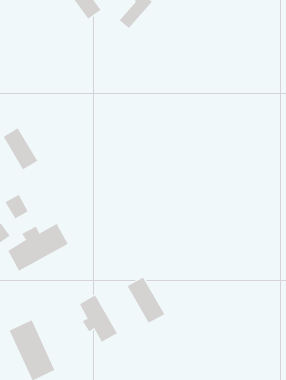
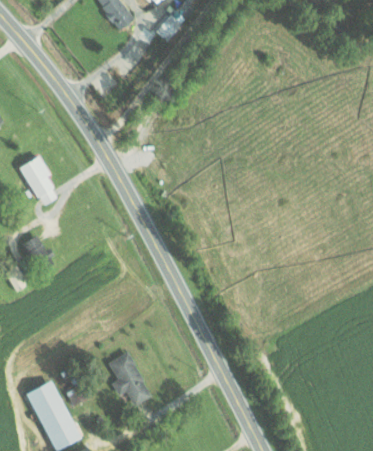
building: [7,223,68,271] -> none
building: [127,277,165,323] -> none

